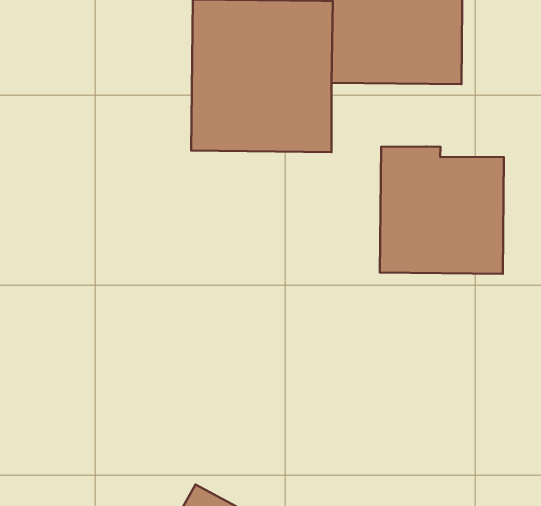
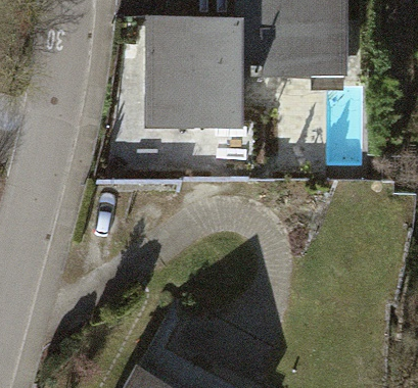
building: [380,146,504,274] -> none

